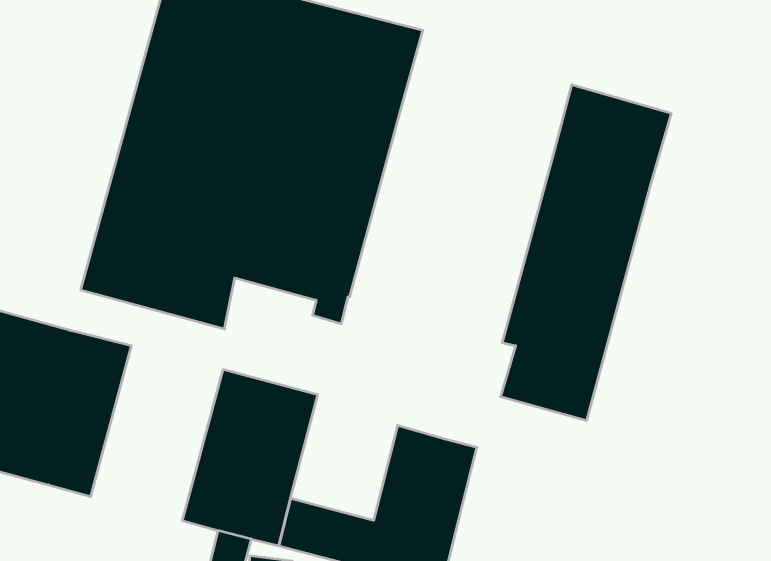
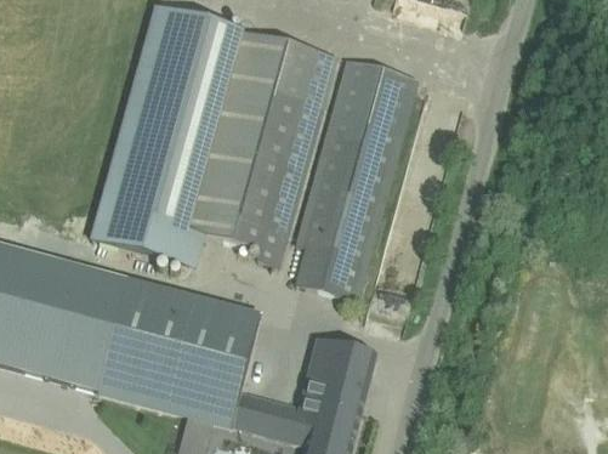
building: [500,85,671,420] -> [295,57,417,297]
building: none -> [98,279,193,404]

